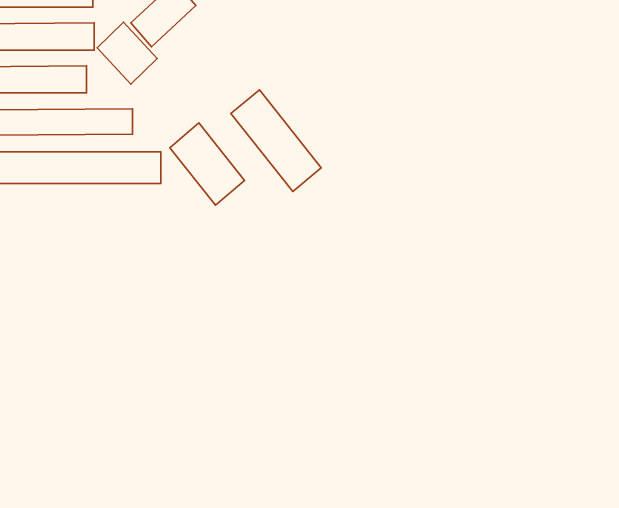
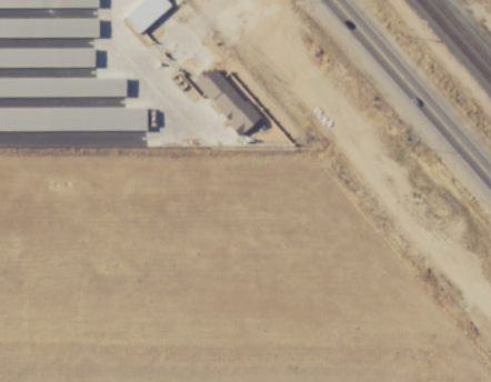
building: [97,22,157,84] -> none
building: [170,123,244,205] -> none

